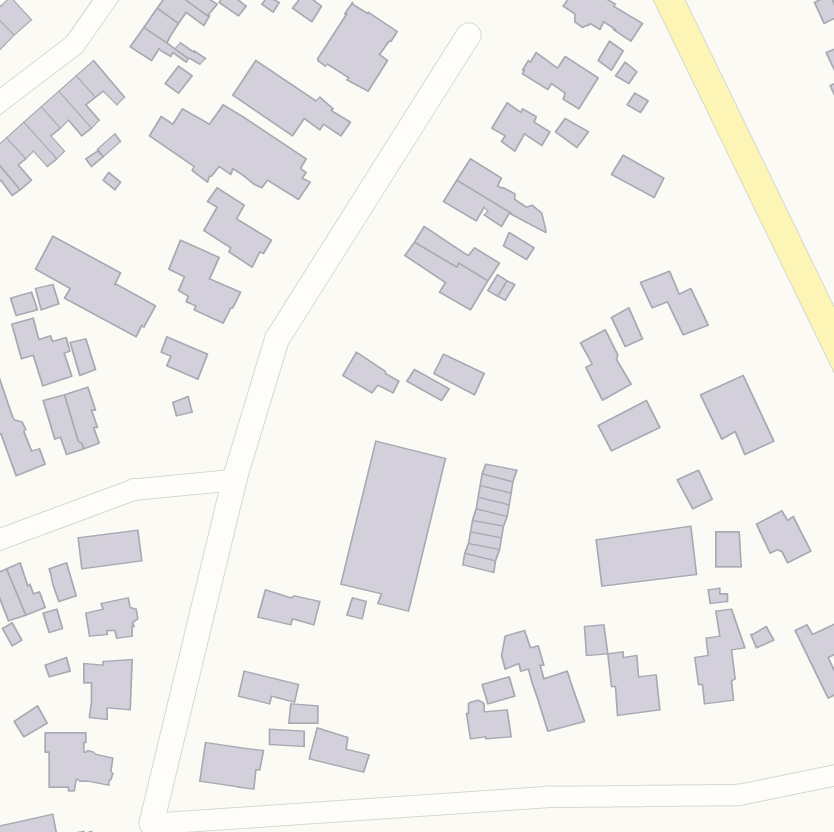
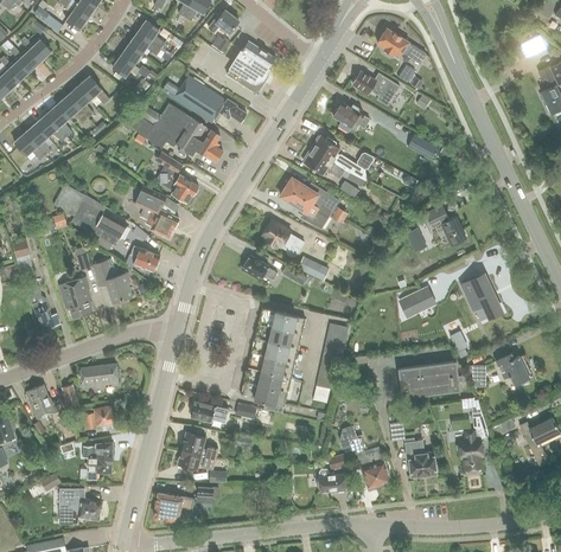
building: none -> [262,219,304,256]
building: [12,318,72,386] -> [94,261,130,302]
building: [580,330,631,400] -> none
building: [309,728,369,772] -> [181,431,218,458]

